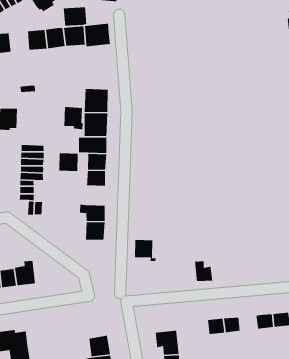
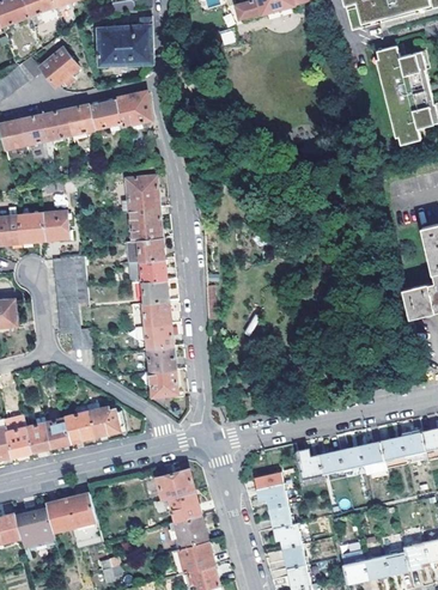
building: [63,6,87,27] -> none
building: none -> [22,114,49,144]
building: [64,106,84,130] -> [44,213,72,242]
building: [59,153,79,172] -> [144,300,171,327]
building: [134,239,157,262] -> [151,370,182,399]
building: none -> [87,403,121,436]
building: [194,260,213,282] -> [296,449,323,478]
building: none -> [359,442,384,473]
building: none -> [157,468,194,498]

